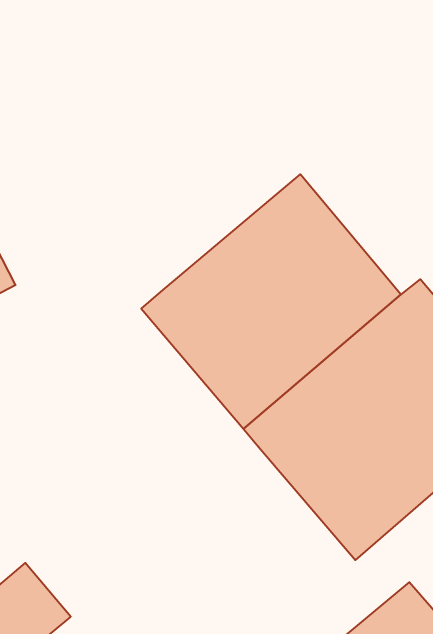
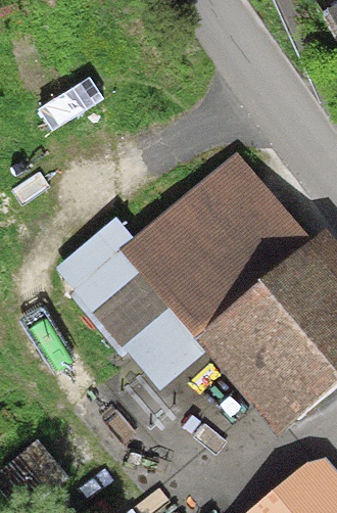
building: none -> [55,217,206,390]

